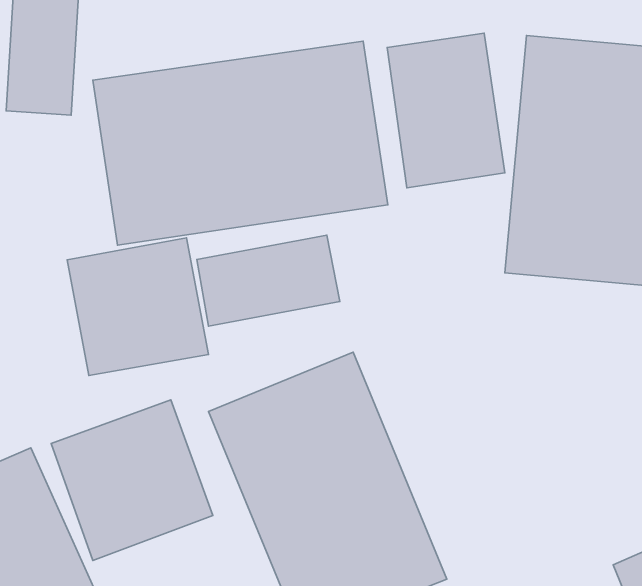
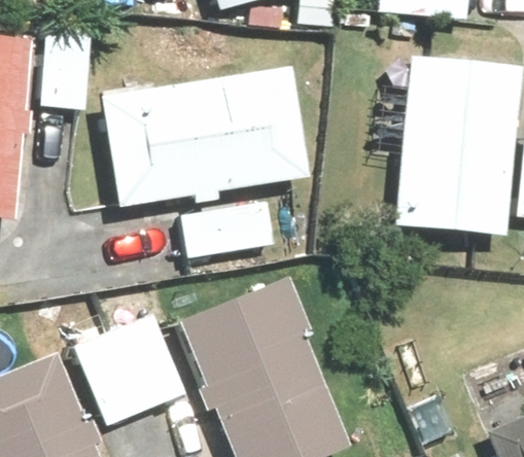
building: [387,33,505,188] -> none
building: [67,238,209,375] -> none

